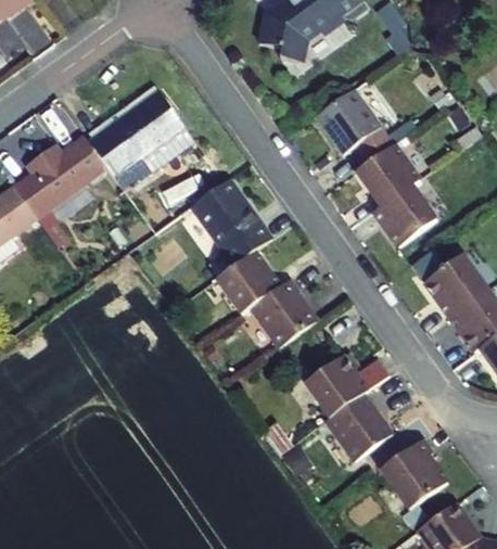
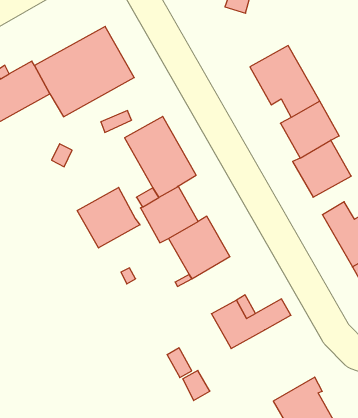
building: none -> [77,187,140,248]
building: [324,393,392,460] -> none

